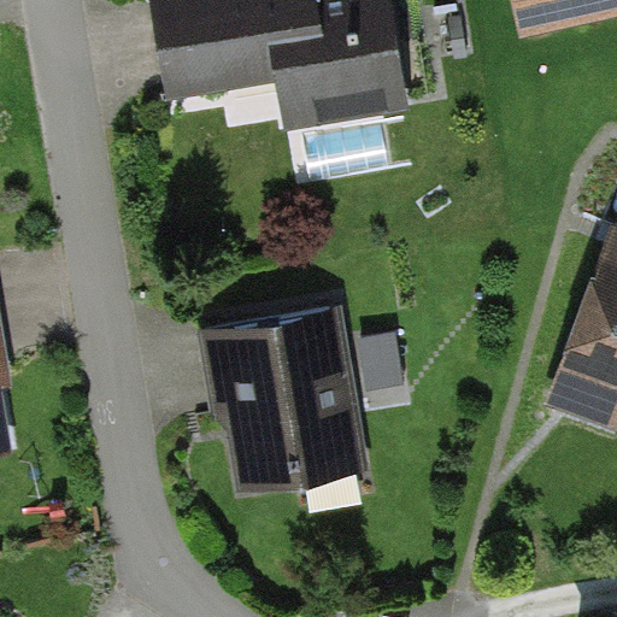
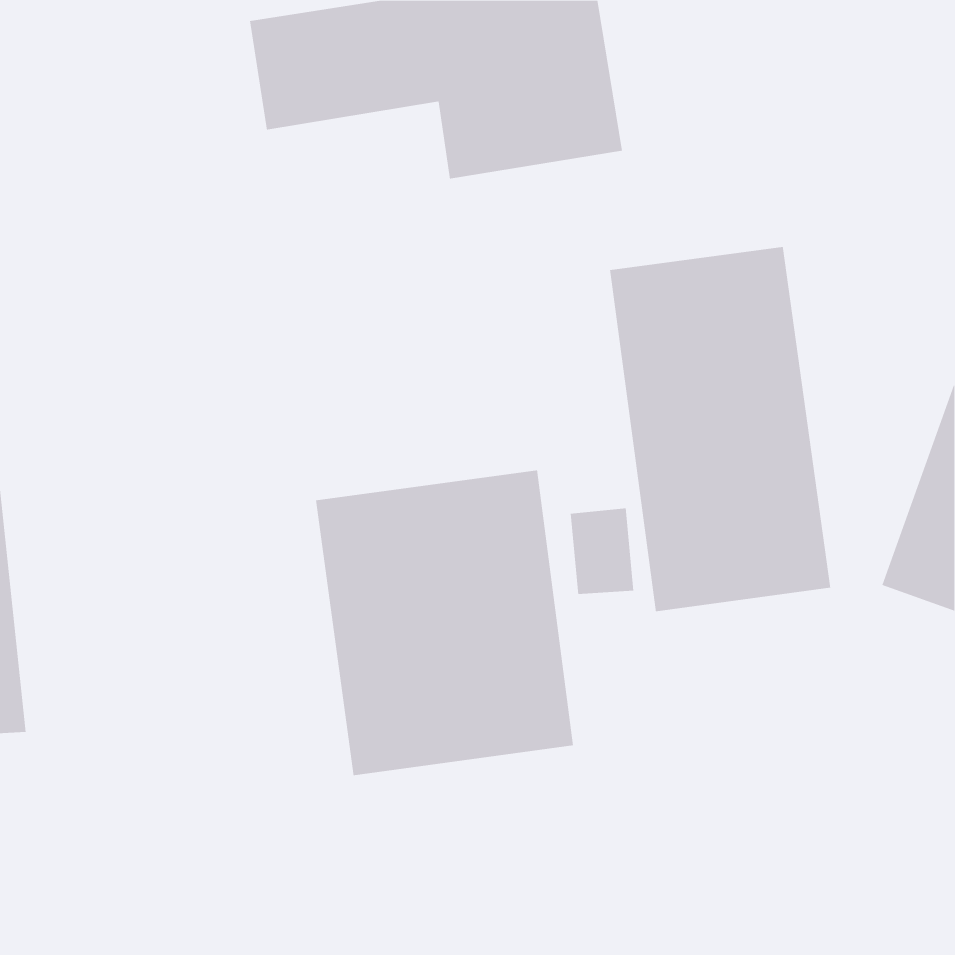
building: none -> [609,246,831,612]

